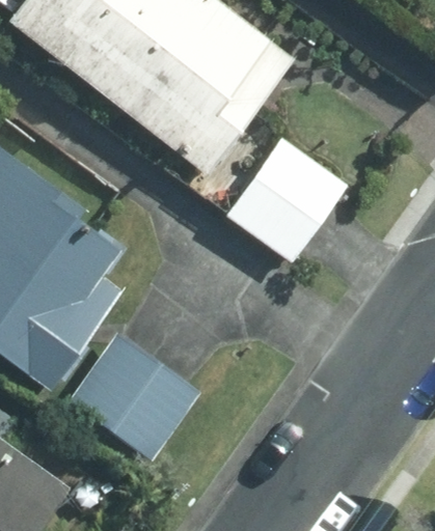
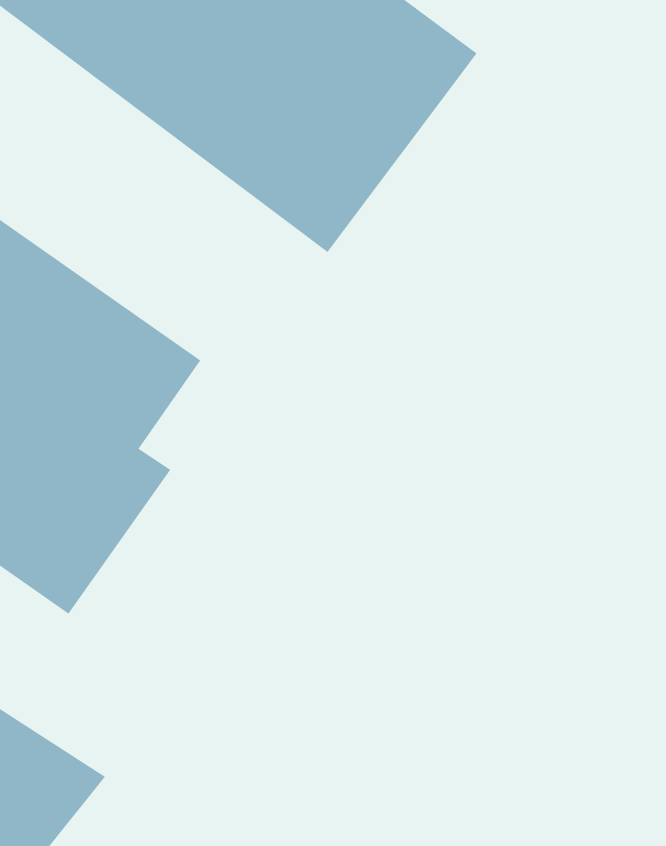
building: [230,149,348,254] -> none
building: [70,331,211,465] -> none

